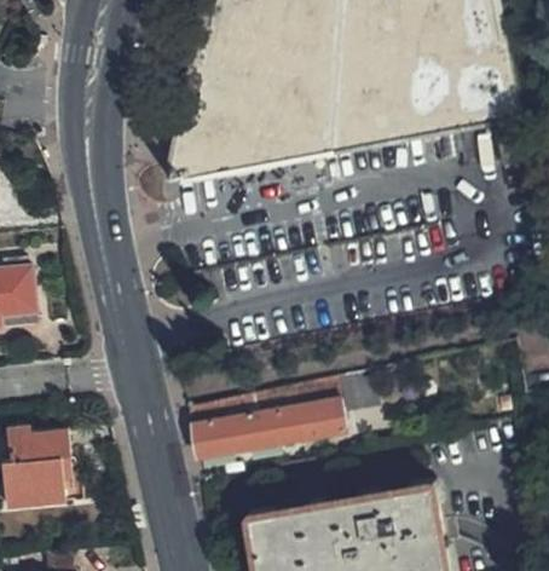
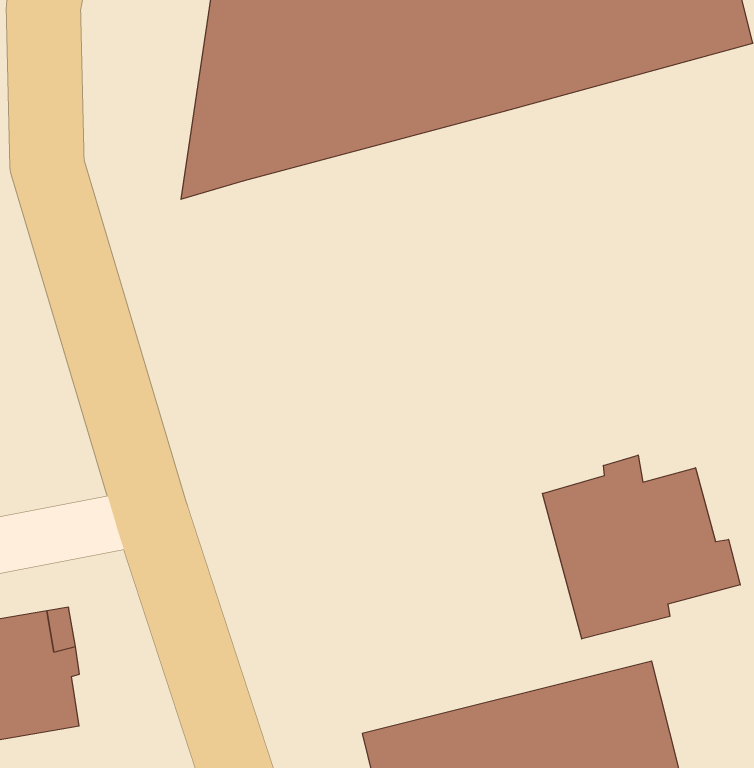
building: none -> [542,455,740,639]
building: [185,377,345,460] -> none

